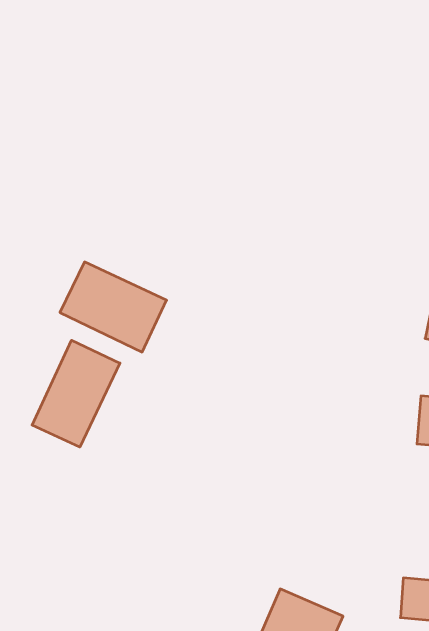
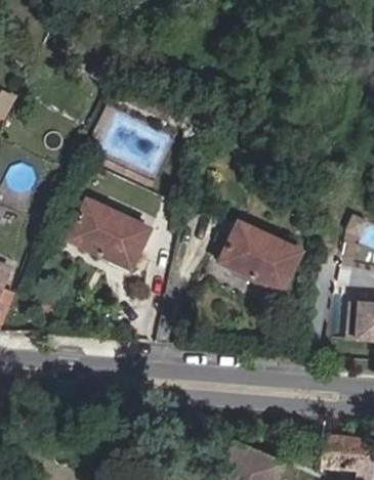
building: none -> [219,222,300,291]
building: [32,340,120,447] -> none

